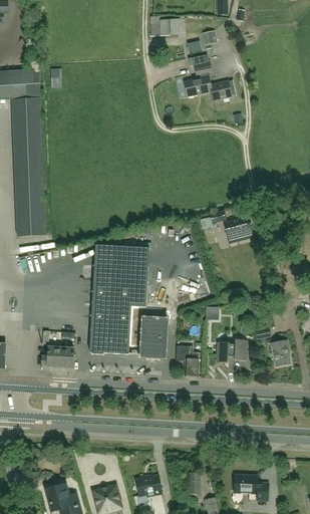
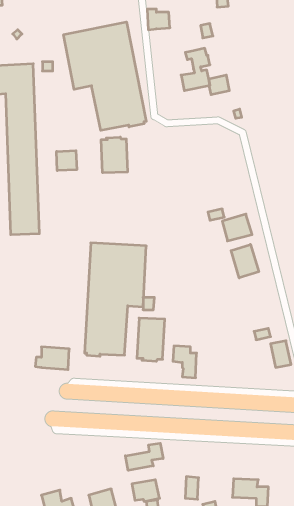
building: none -> [64,22,146,130]
building: none -> [101,137,127,173]
building: none -> [57,151,77,171]
building: none -> [231,244,259,278]
building: [217,338,248,362] -> none
building: none -> [125,443,163,470]

